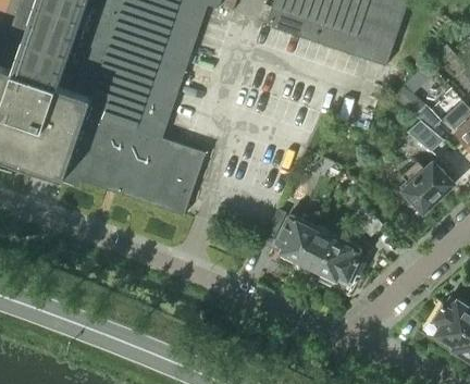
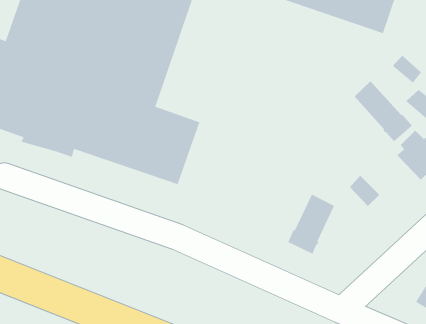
building: none -> [354,80,413,142]
building: [269,212,316,271] -> none
building: [317,235,367,296] -> none

